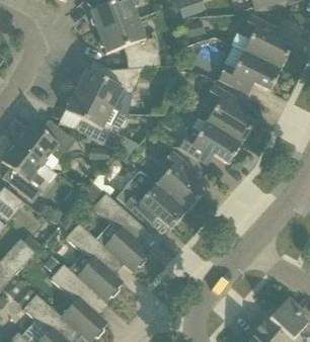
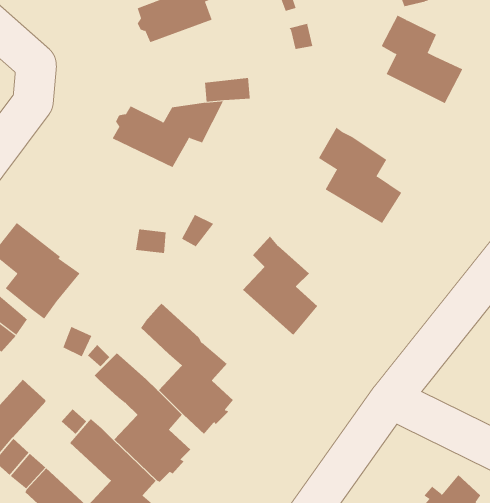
building: [97,16,144,53] -> none
building: [217,50,279,92] -> none
building: [64,89,126,143] -> none
building: [177,120,240,162] -> none
building: [15,121,74,162] -> none
building: [115,169,185,228] -> none

